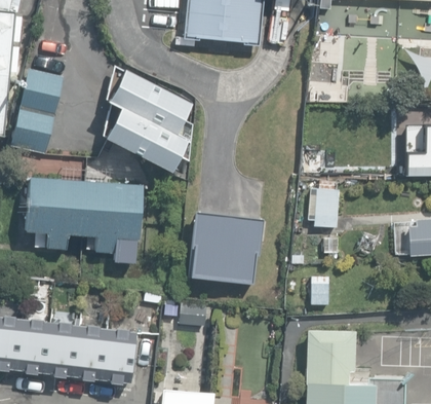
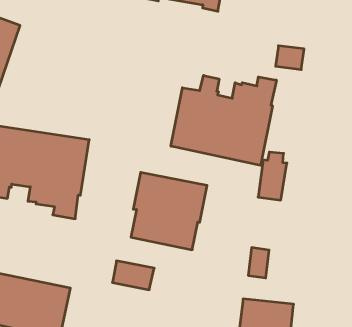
building: [107,68,196,178] -> none
building: none -> [171,75,276,165]

